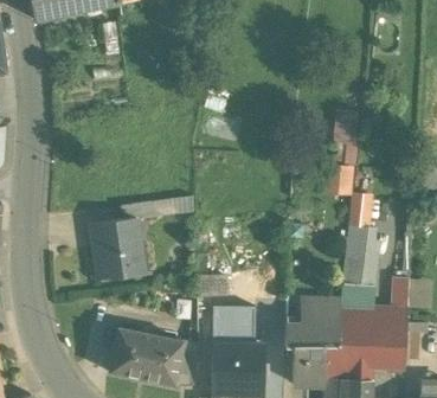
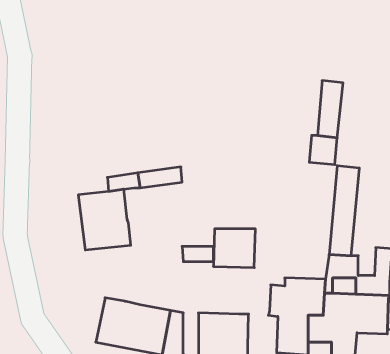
building: [211,306,253,345] -> [213,229,255,268]

